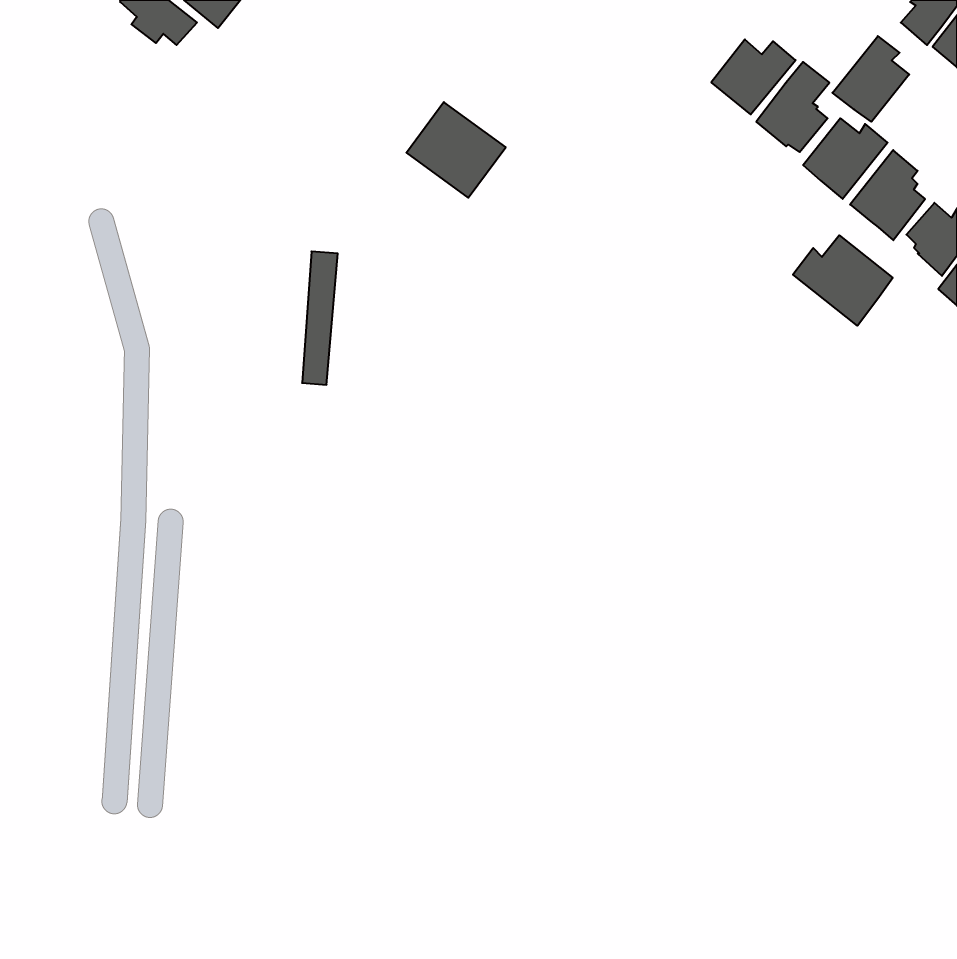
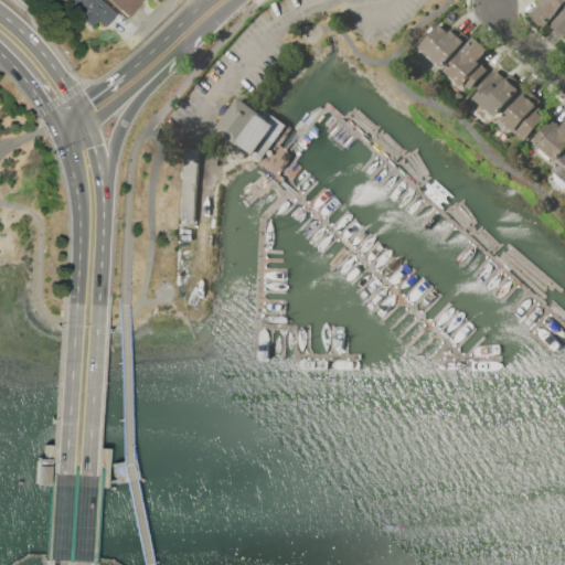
building: [832,36,909,122] -> none
building: [406,102,506,198] -> [218,99,277,156]
building: [793,235,893,326] -> none

